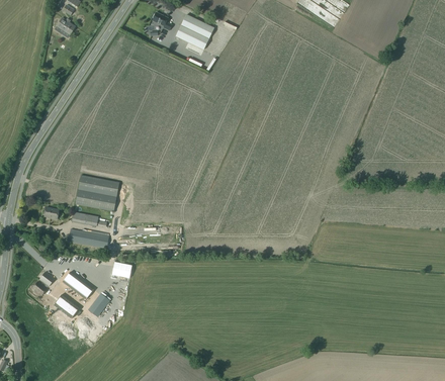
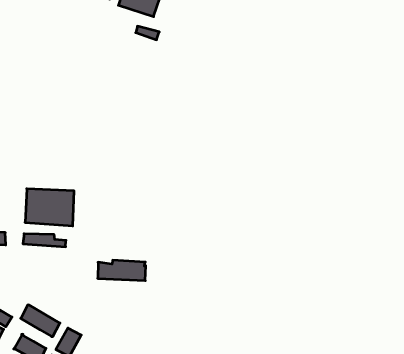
building: [69,227,109,248] -> [98,260,146,281]

